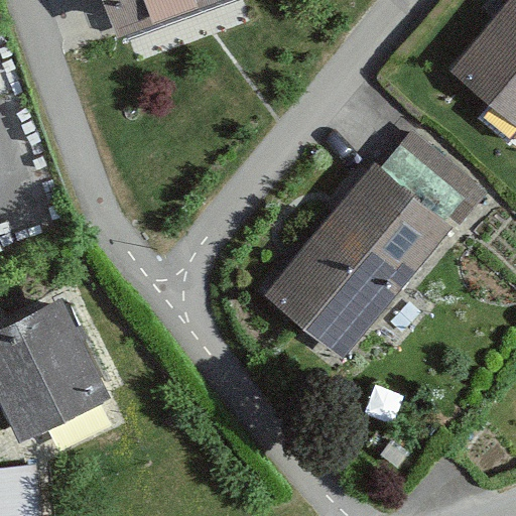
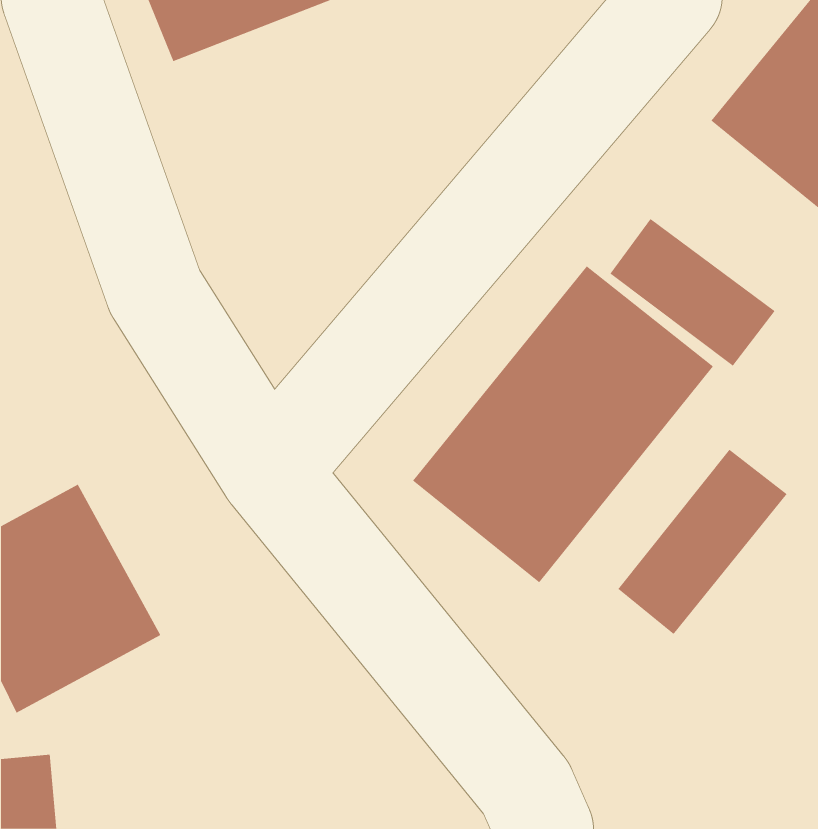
building: none -> [617,449,787,635]

